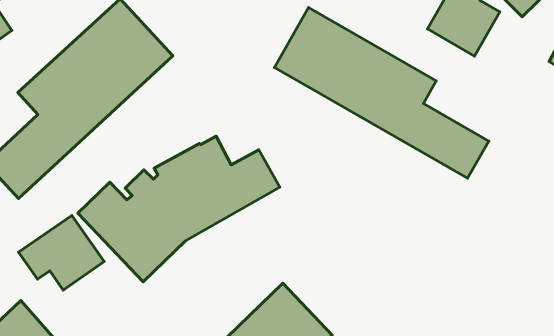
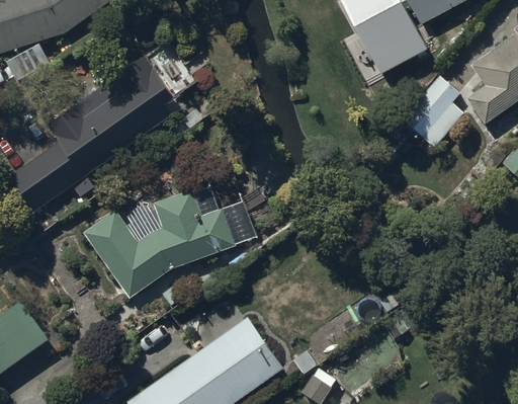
building: [274,8,489,178] -> none
building: [19,215,104,290] -> none

